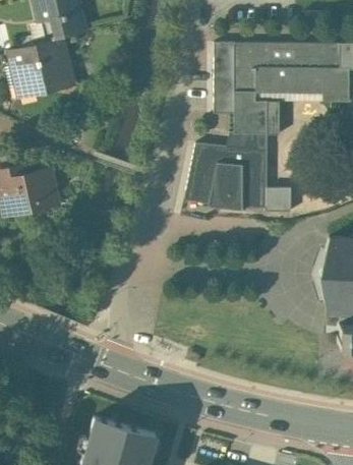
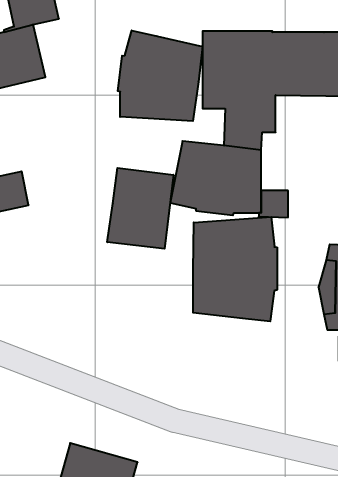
building: none -> [118,30,203,121]
building: none -> [107,168,173,249]
building: none -> [193,217,277,321]

